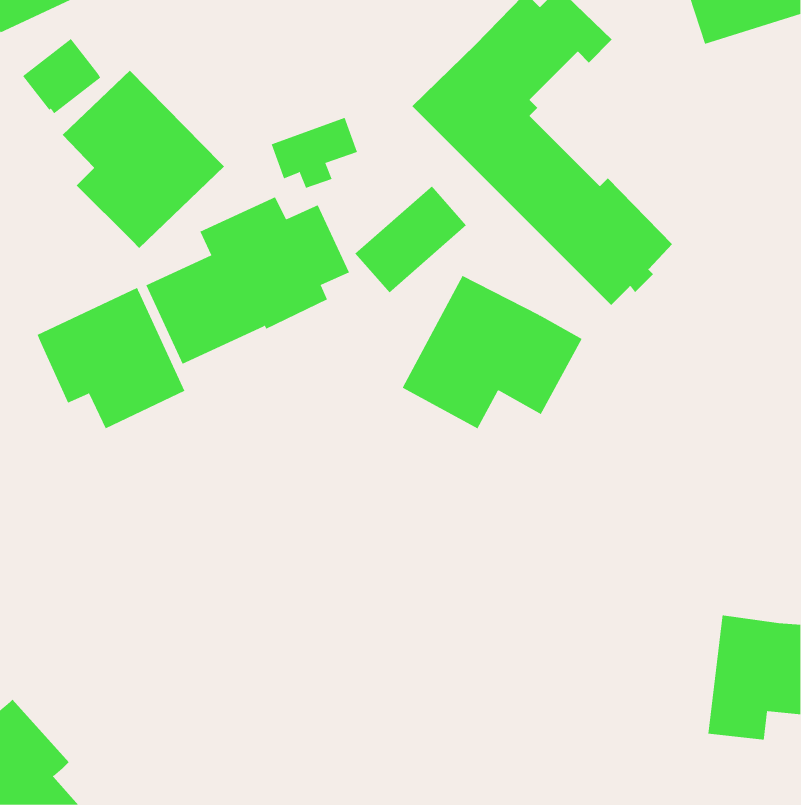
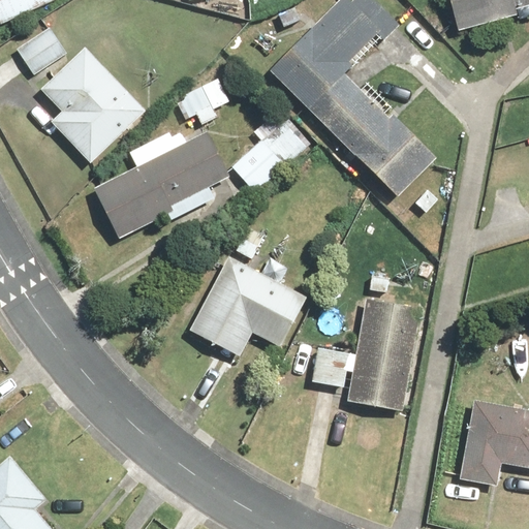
building: [402,275,582,429] -> [189,255,307,355]
building: [37,287,185,429] -> none
building: none -> [312,302,415,409]

